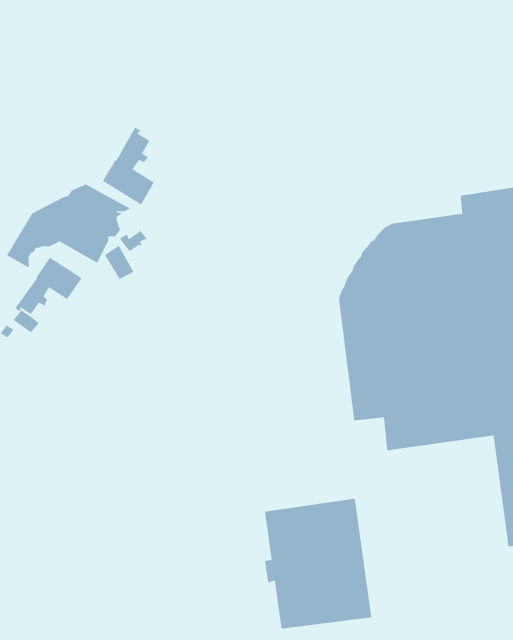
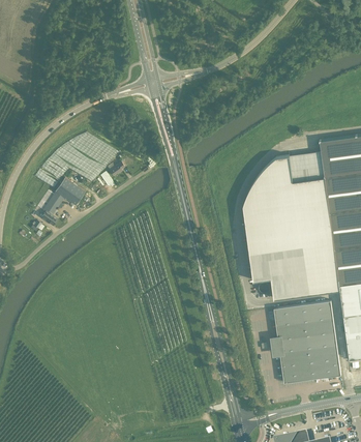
building: [102,127,155,205] -> none
building: [264,498,372,629] -> [274,299,341,381]

